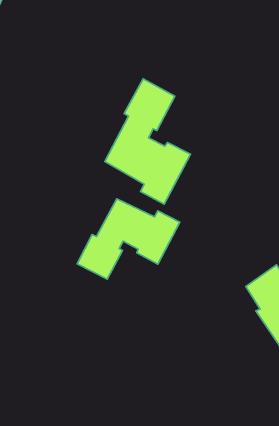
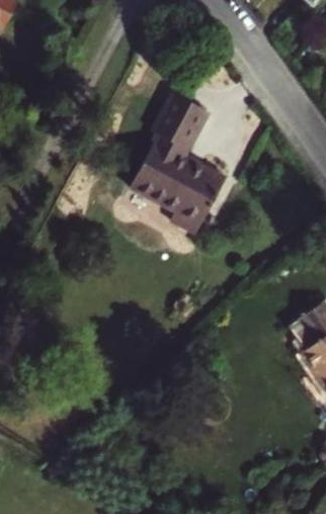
building: [77,199,180,279] -> none

